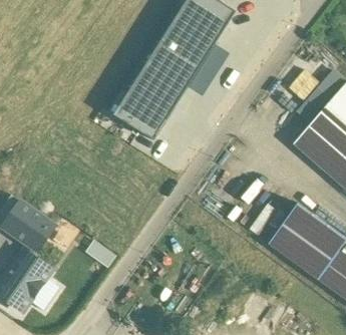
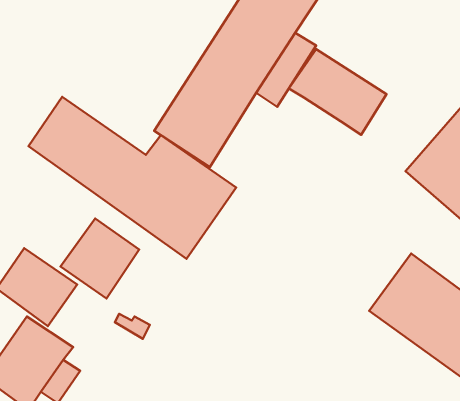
building: none -> [289,49,387,135]
building: none -> [28,97,236,259]
building: none -> [61,218,139,298]

